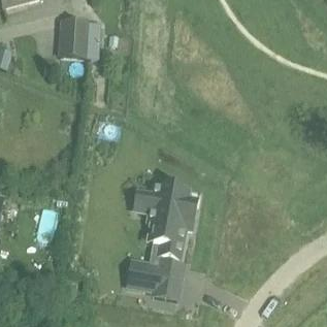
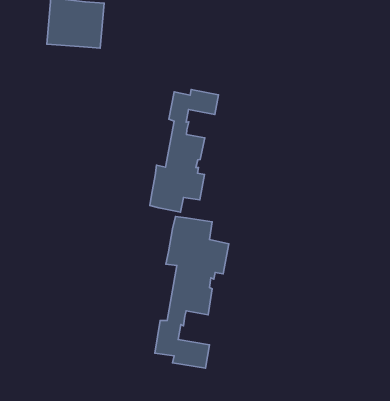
building: none -> [150,90,218,212]

